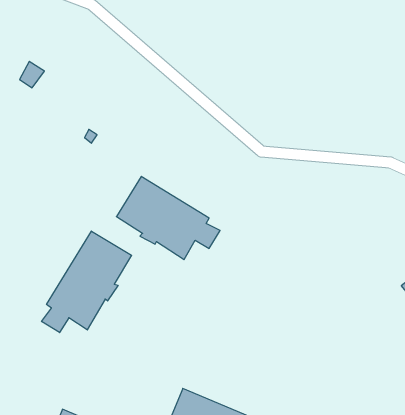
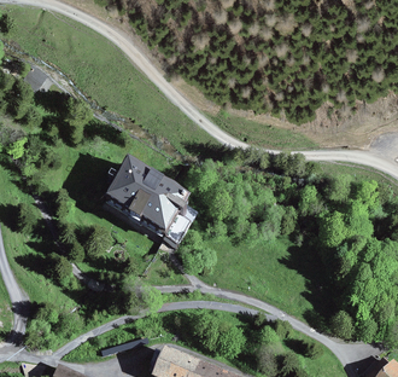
building: [42,231,132,333] -> none

